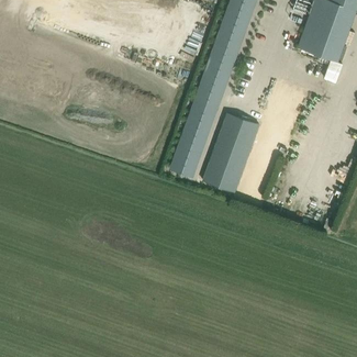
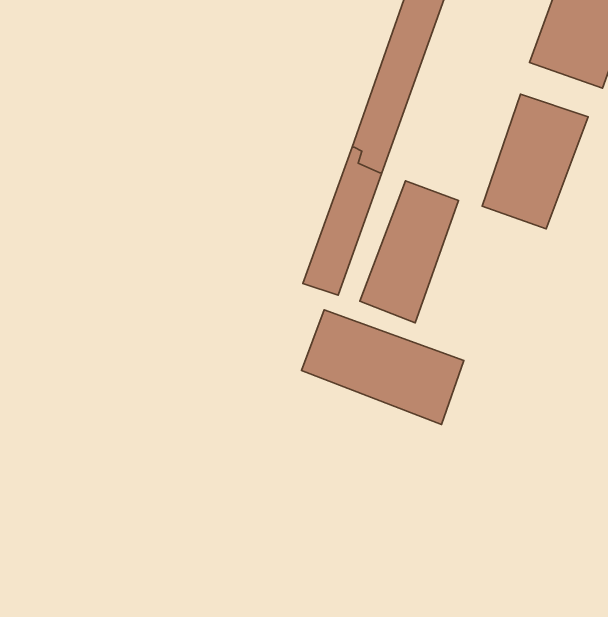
building: none -> [482,94,588,229]
building: none -> [301,310,464,425]

